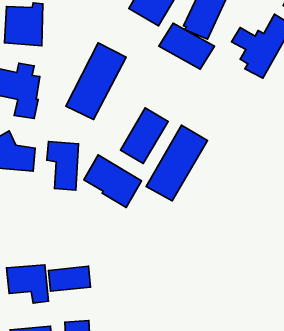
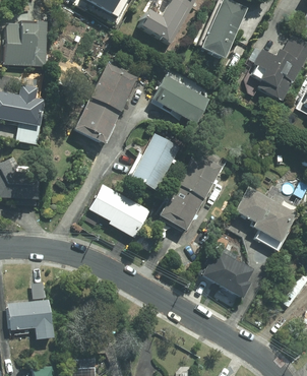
building: [159,23,214,69] -> [150,75,209,124]
building: [47,141,79,190] -> none
building: none -> [233,186,297,251]
building: none -> [201,246,254,300]
building: [49,266,91,291] -> none

